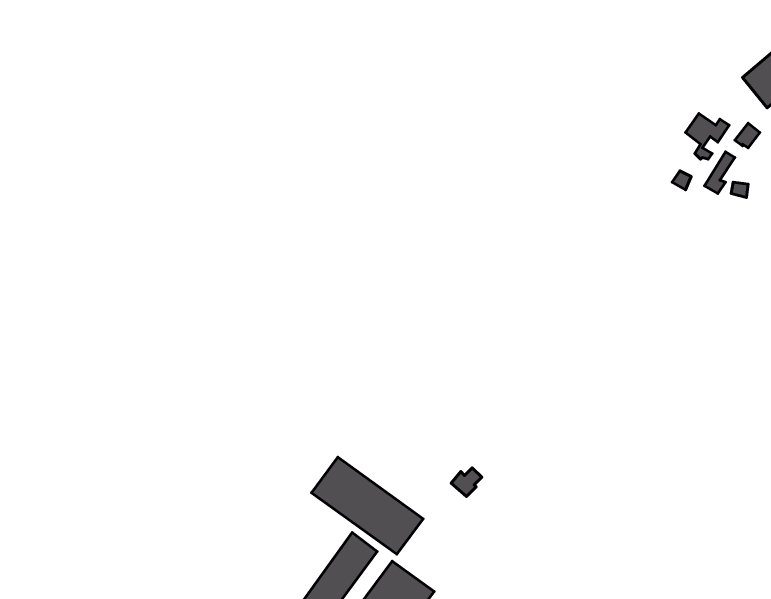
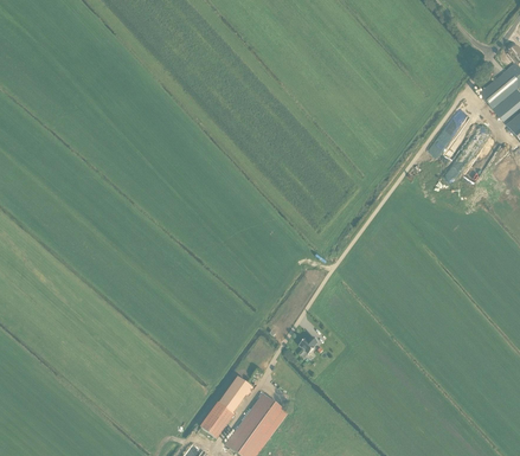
building: [311,457,423,554] -> none

